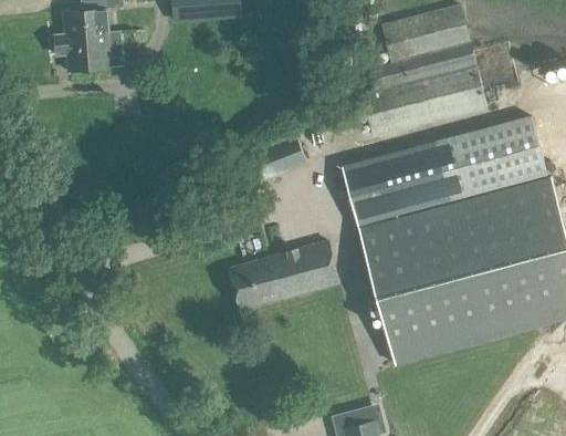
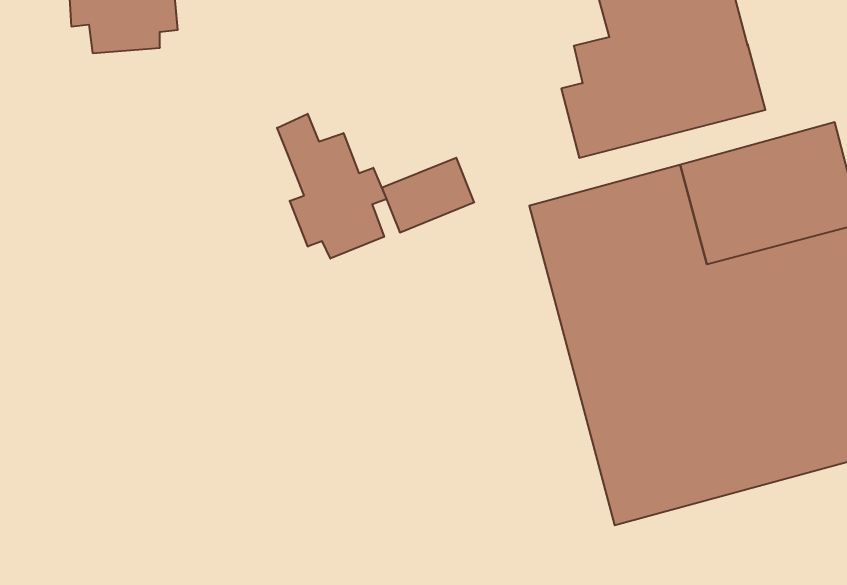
building: none -> [277,114,386,259]
building: [231,241,340,308] -> none

